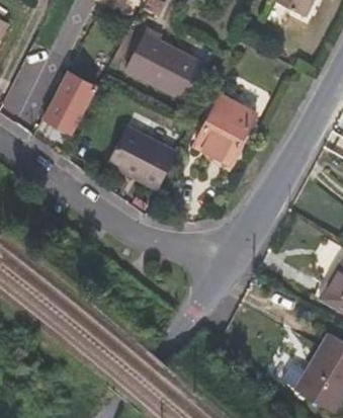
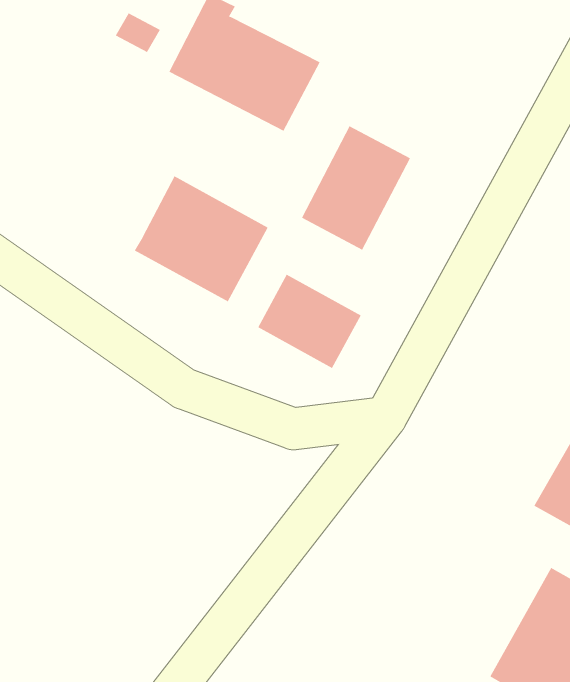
building: [42,73,94,132] -> none
building: none -> [257,274,361,369]

